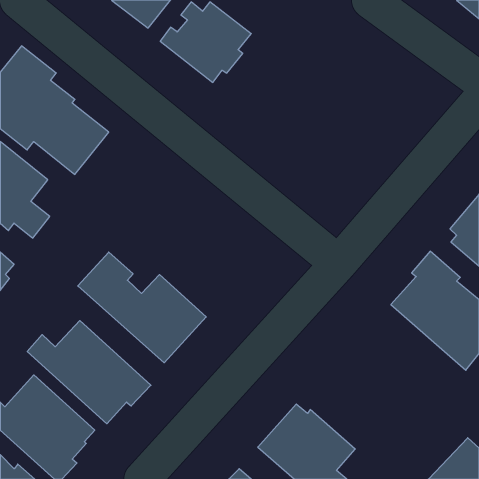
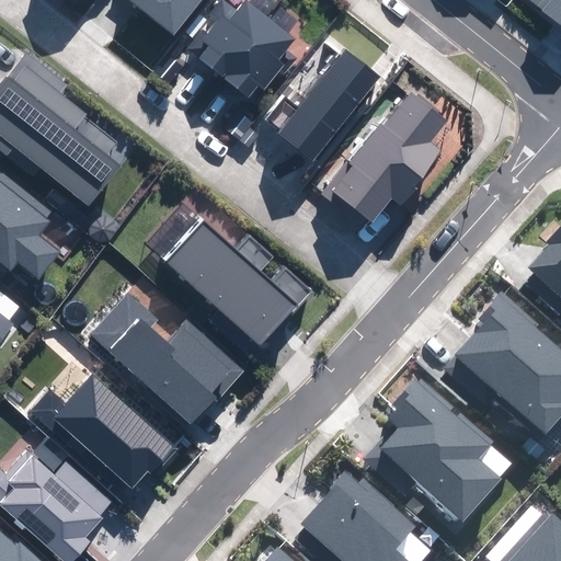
building: none -> [279,49,380,161]
building: none -> [322,92,445,229]
building: none -> [162,220,309,347]
building: none -> [367,381,501,520]

